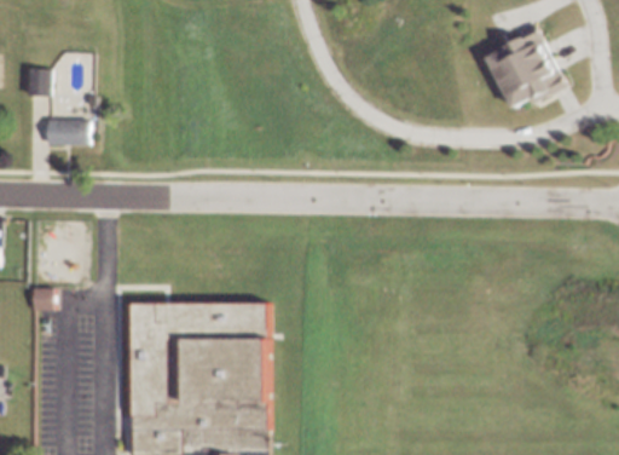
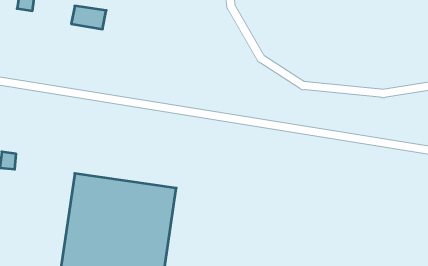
building: [484,28,563,111] -> none
building: [46,120,89,145] -> [71,6,106,29]

